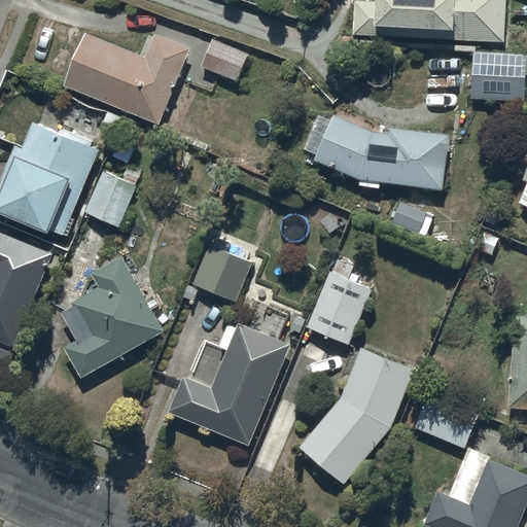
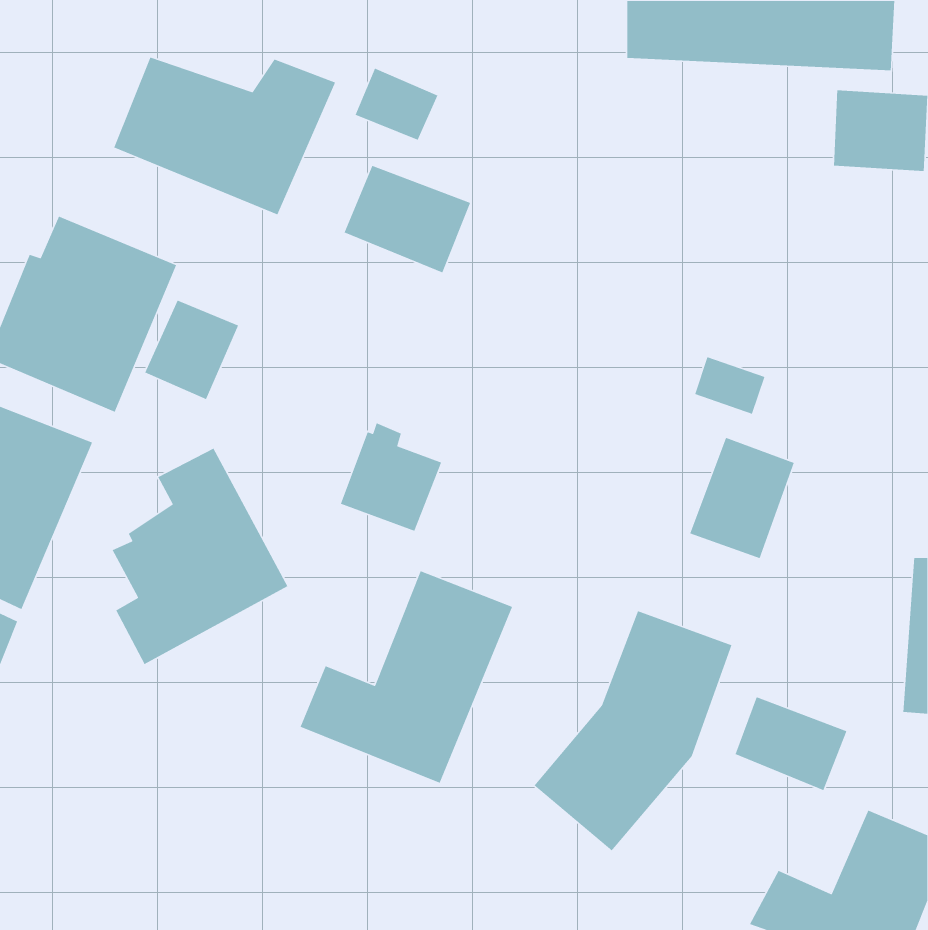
building: none -> [344,165,471,274]
building: [315,114,450,191] -> none
building: [307,273,366,342] -> [689,437,795,559]

